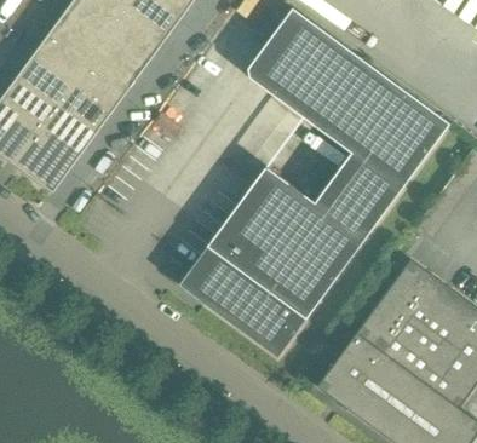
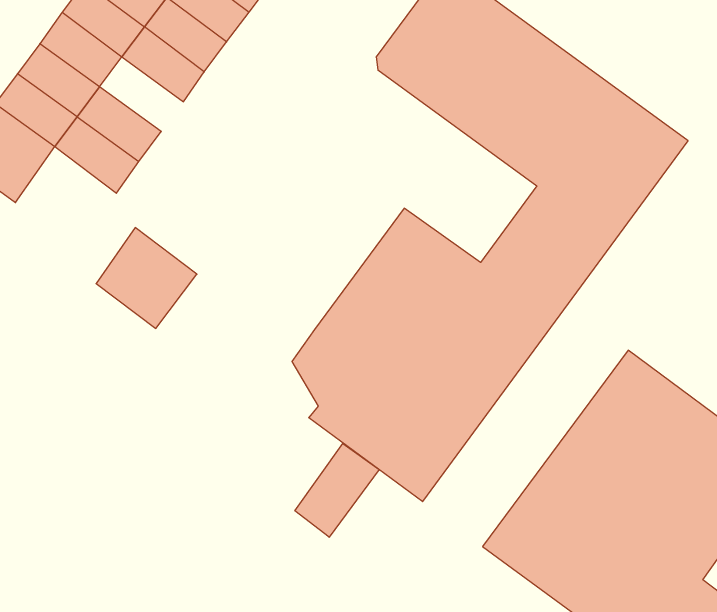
building: [68,69,122,117] -> none
building: [13,127,79,192] -> [96,228,197,328]
building: none -> [295,443,379,537]

